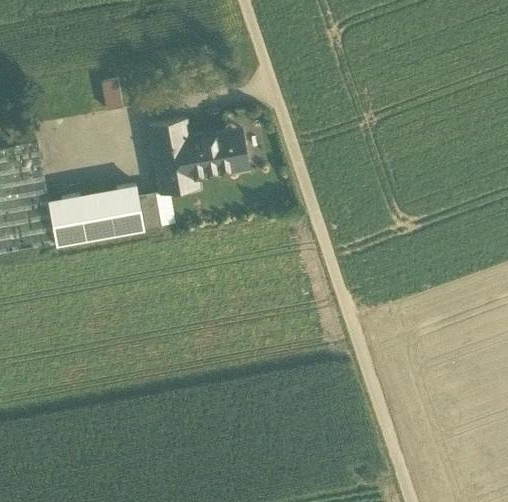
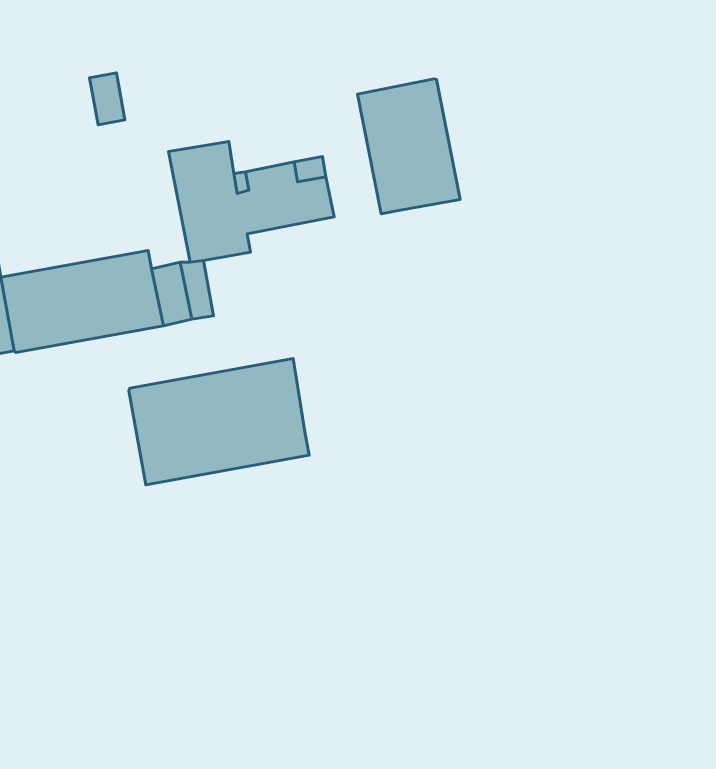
building: none -> [358,79,460,214]
building: none -> [129,359,309,485]

